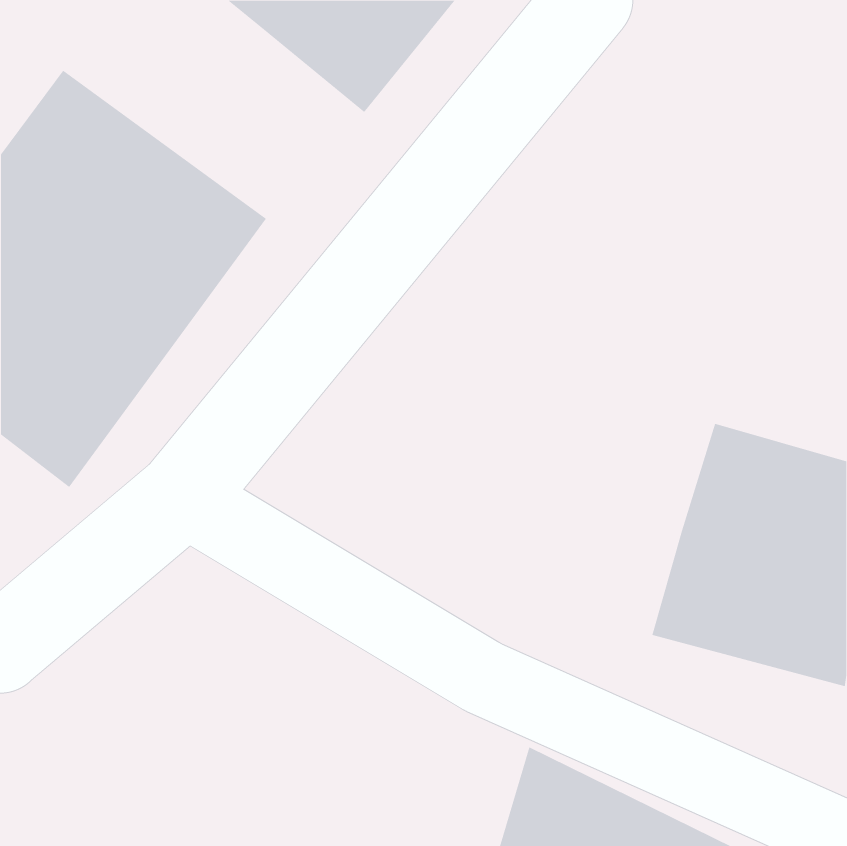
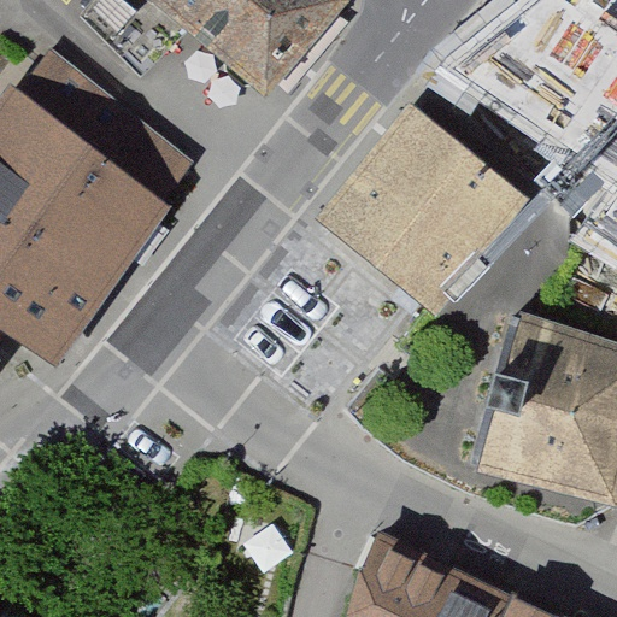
building: none -> [323,111,519,310]

